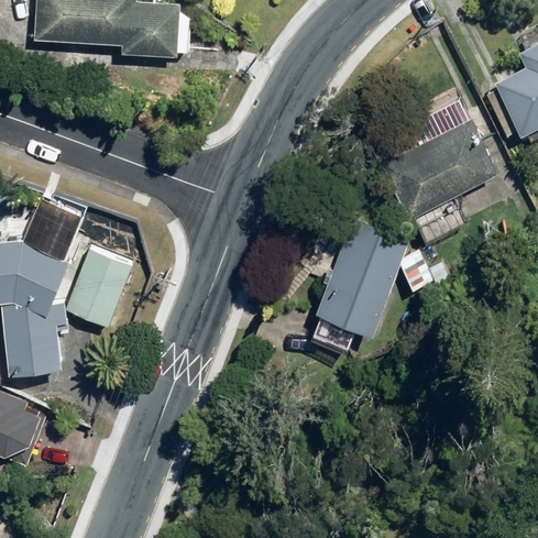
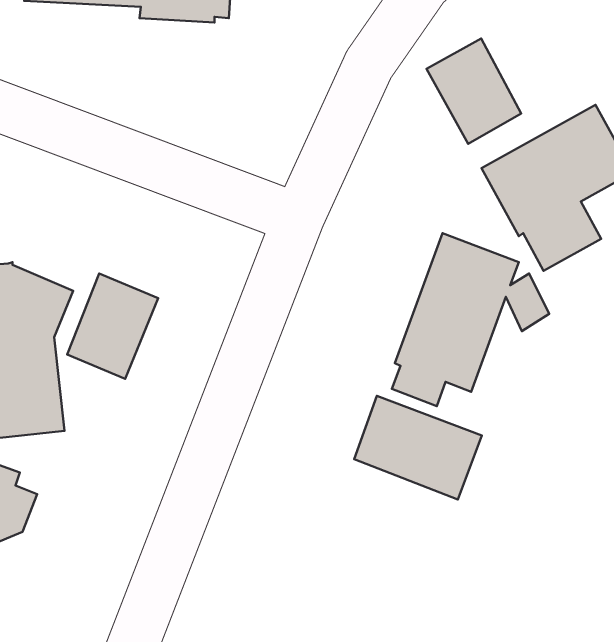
building: none -> [427,39,521,144]
building: none -> [354,396,482,500]

